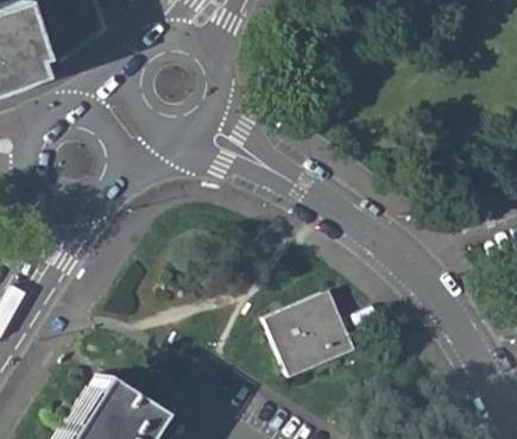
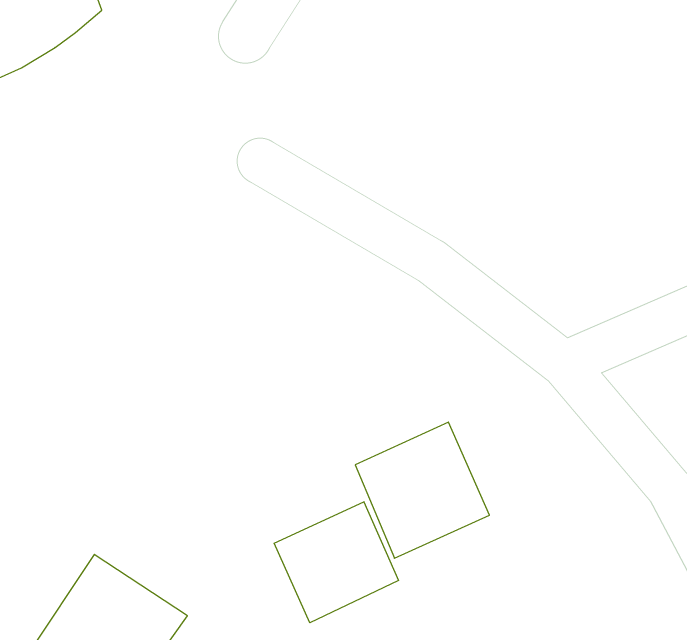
building: none -> [274,502,398,623]

